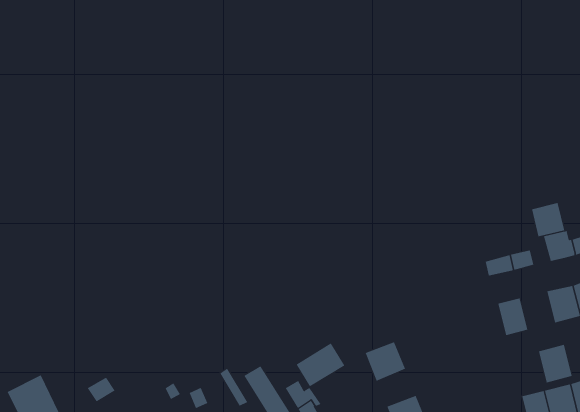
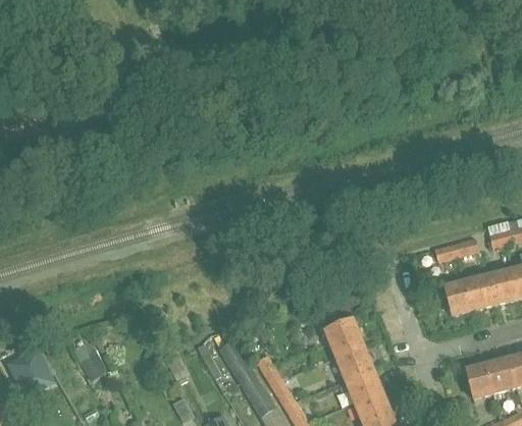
building: [532,202,565,237] -> none
building: [296,343,345,387] -> none
building: [538,344,573,383] -> [465,274,495,309]
building: none -> [336,343,372,377]

